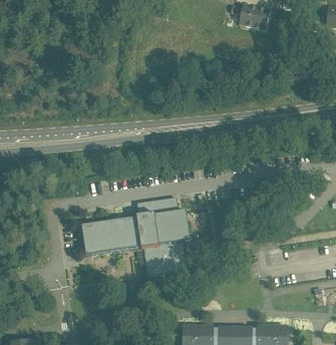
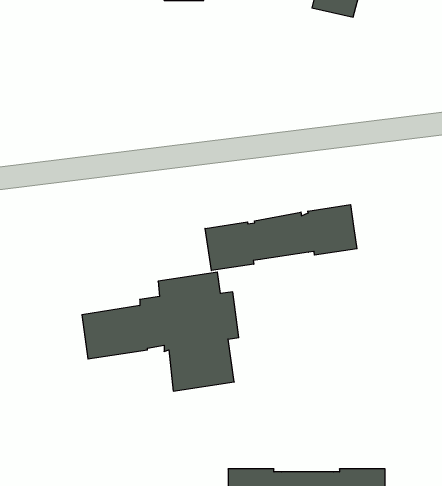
building: none -> [205,205,357,271]

